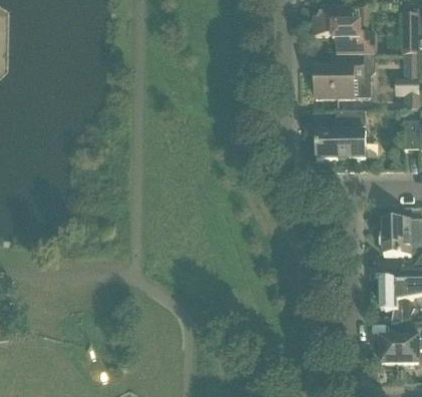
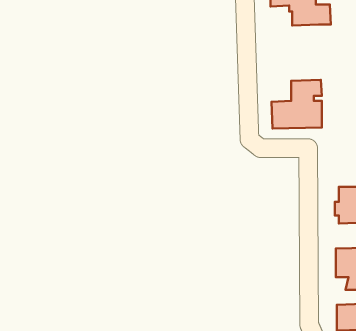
building: [316,52,372,97] -> none

